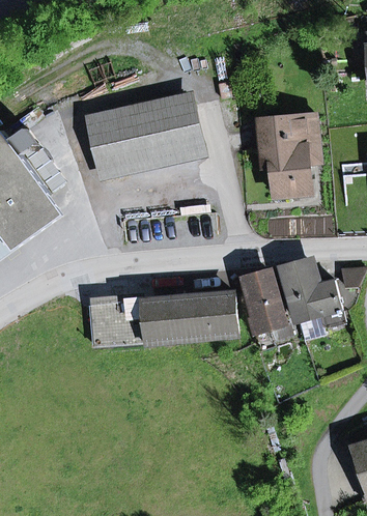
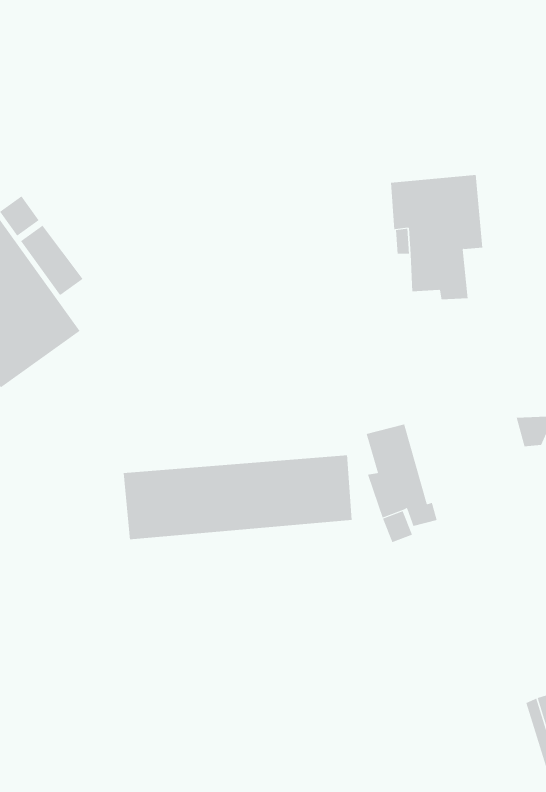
building: [94,105,200,167] -> none
building: [283,261,344,324] -> none

